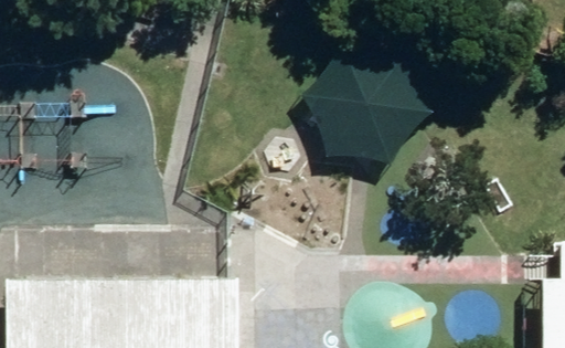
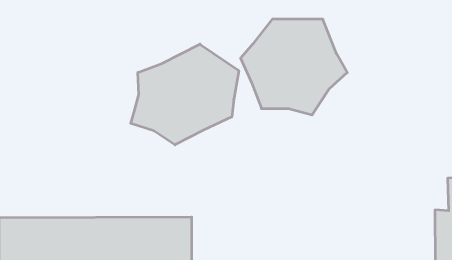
building: none -> [131,44,239,145]

